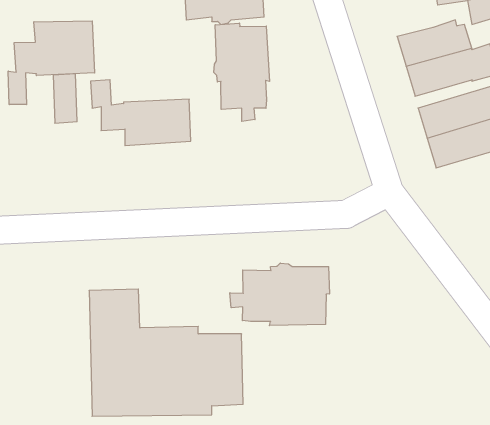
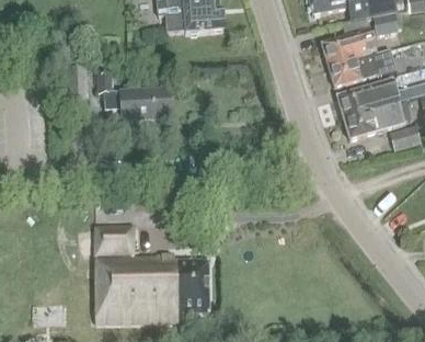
building: [8,21,95,105] -> none
building: [214,23,269,121] -> none
building: [230,263,329,326] -> none

